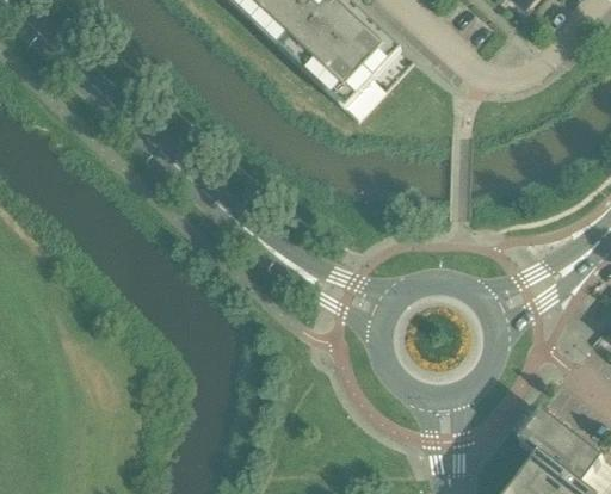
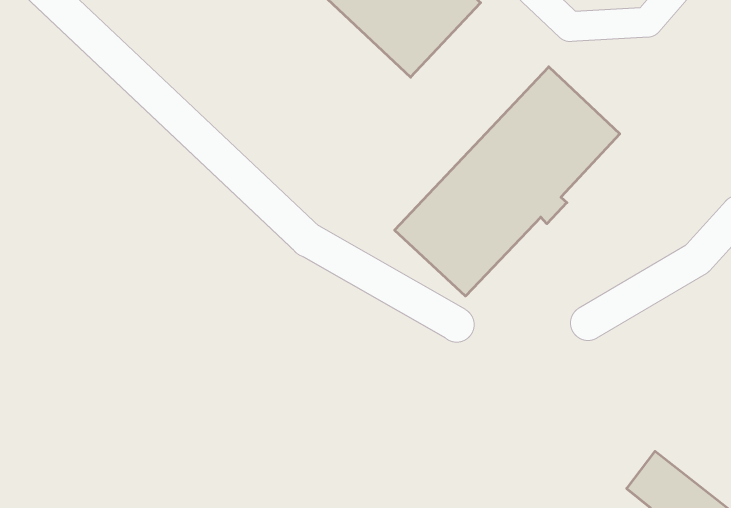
building: none -> [395,67,620,296]

